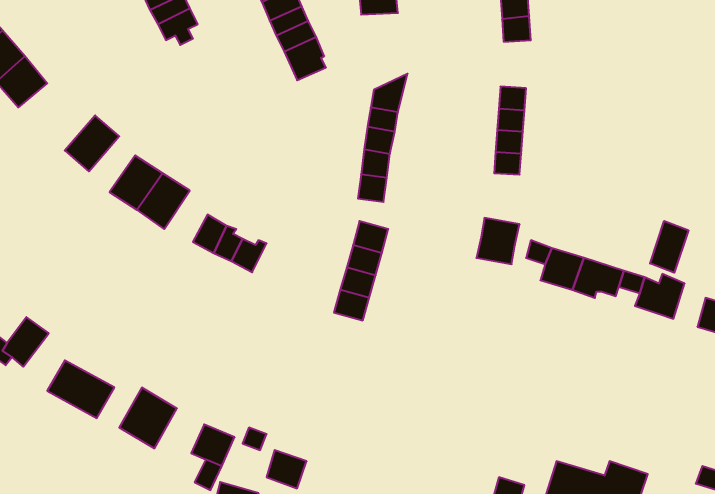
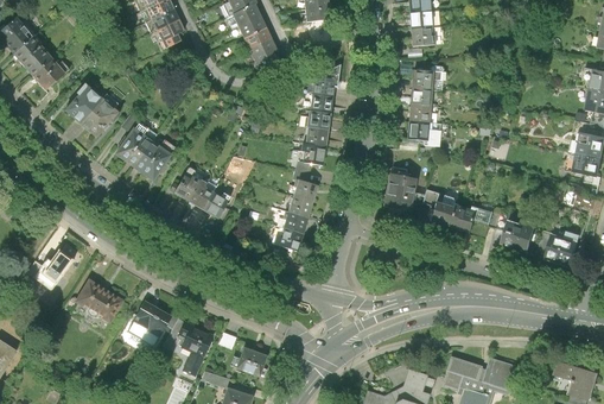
building: none -> [69,82,109,124]
building: [650,221,688,273] -> none

